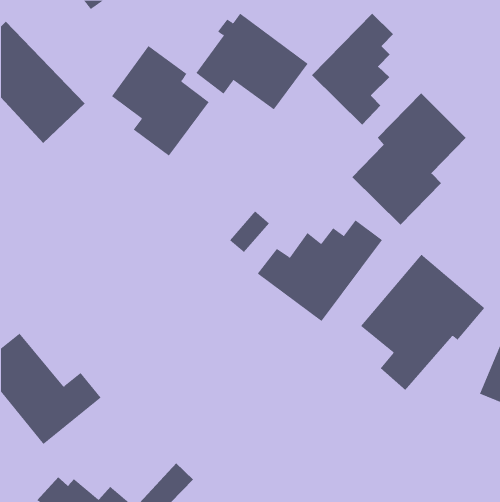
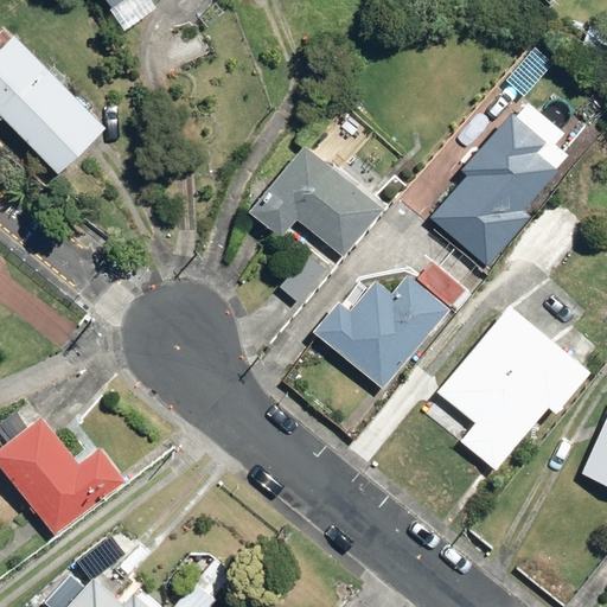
building: [195,13,309,110] -> [248,143,384,261]
building: [311,13,394,125] -> none
building: [111,45,209,157] -> none

